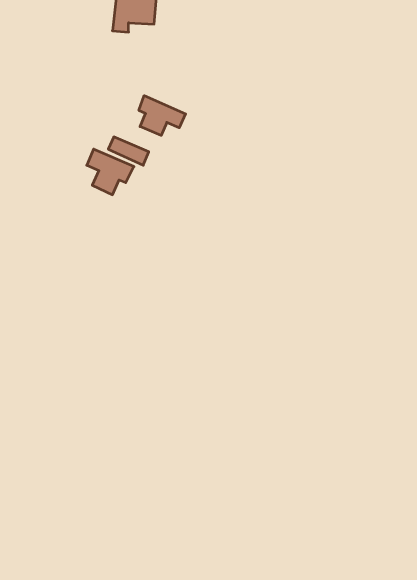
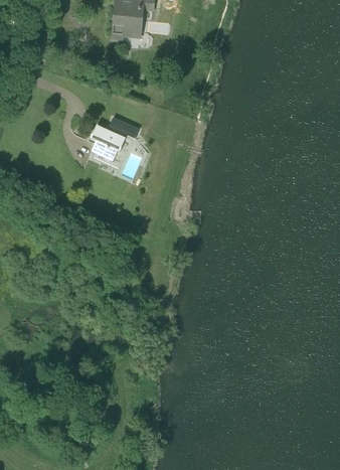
building: [139,96,186,135] -> none

